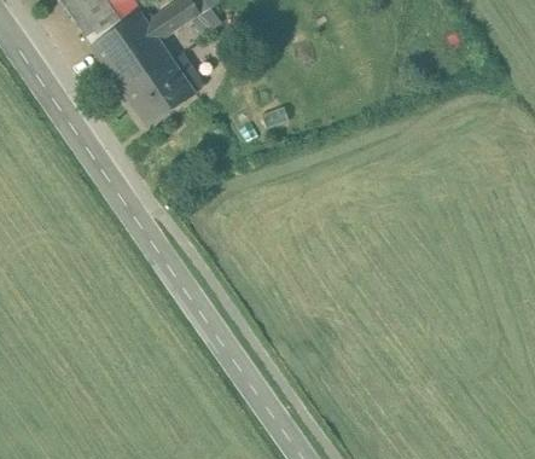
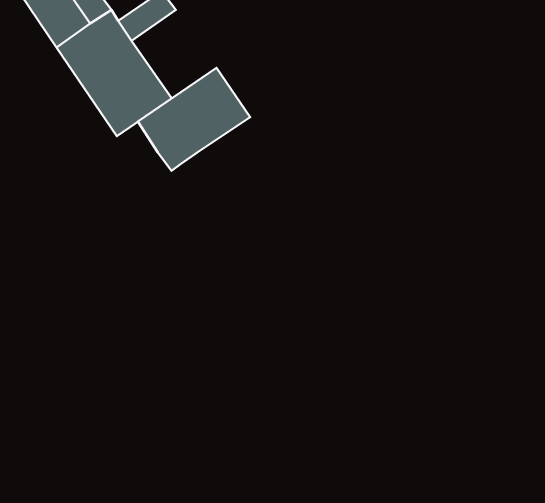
building: none -> [138,68,250,171]

